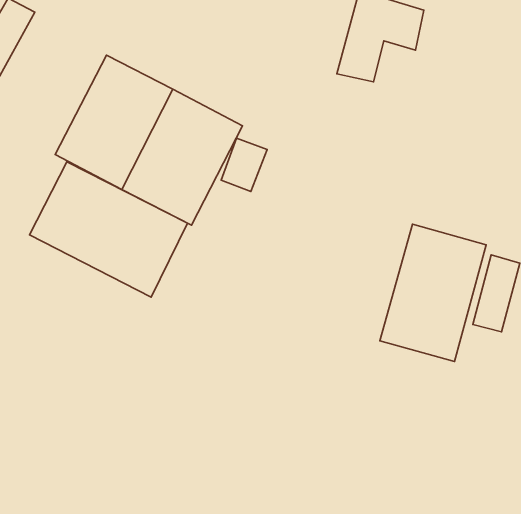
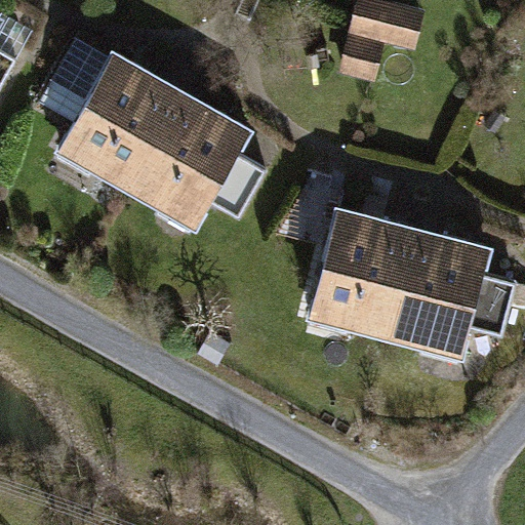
building: [30,162,187,297] -> none
building: none -> [308,204,413,341]

